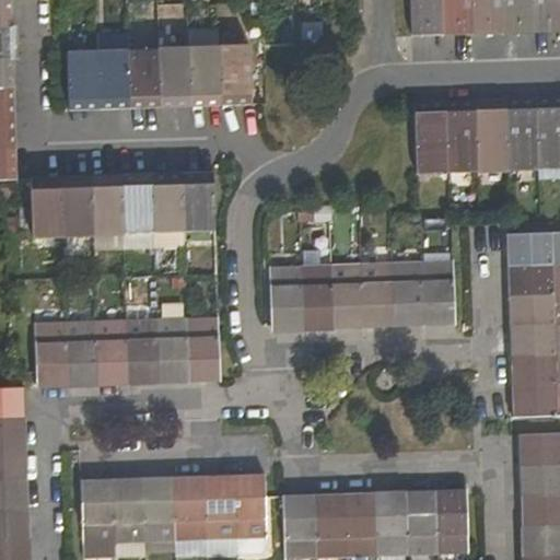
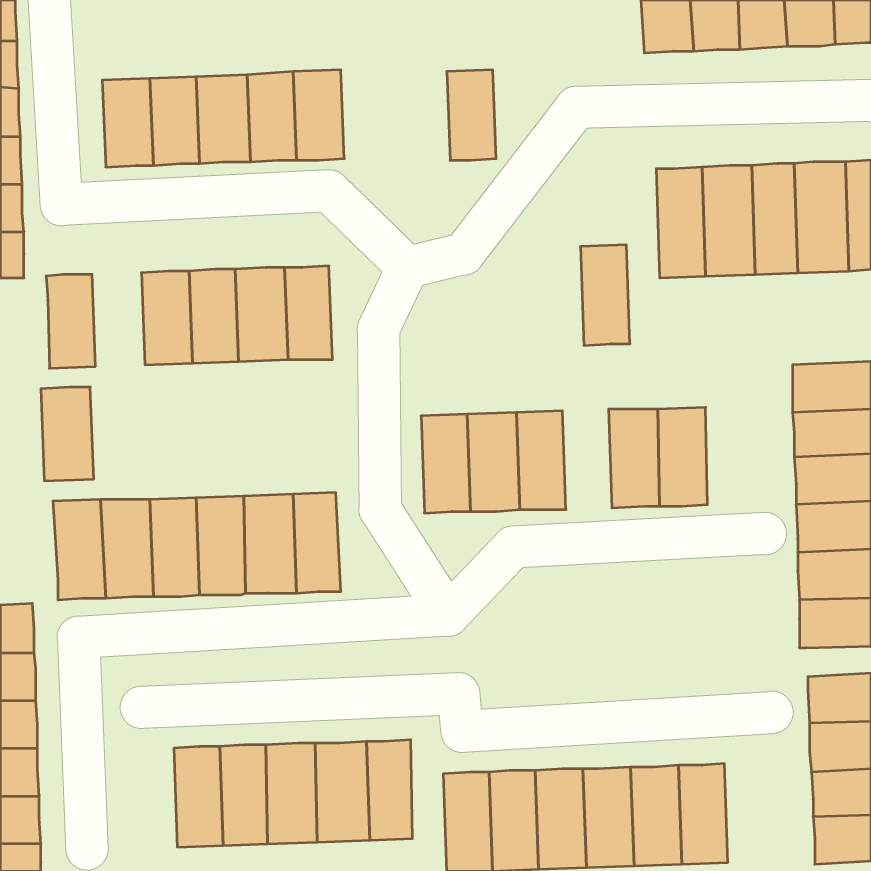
building: [219,44,250,102] -> [447,70,496,160]
building: [59,175,93,235] -> [41,387,94,481]
building: [361,262,393,327] -> [580,245,630,345]
building: [81,480,114,544] -> none

